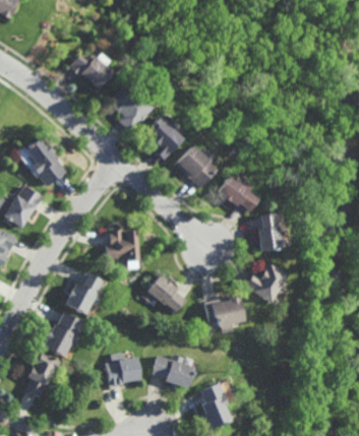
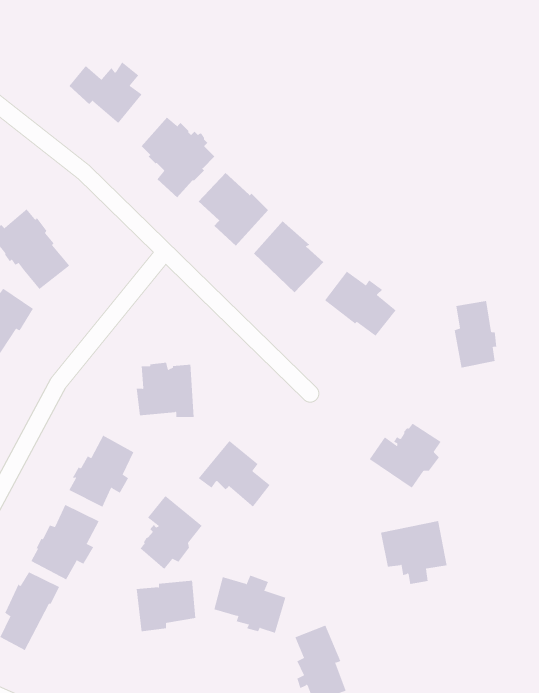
building: [255,212,281,252] -> [454,301,497,368]
building: [204,295,244,332] -> [380,521,448,584]
building: none -> [140,495,203,570]

